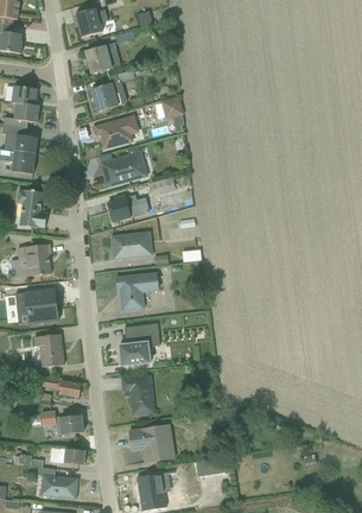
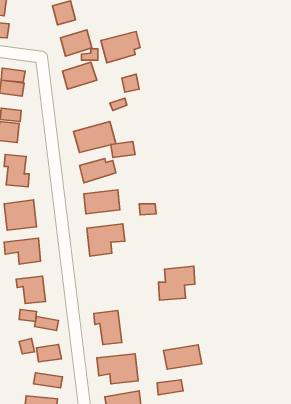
building: [94,114,140,151] -> [101,31,140,63]
building: [119,324,161,365] -> [158,266,195,300]
building: none -> [164,345,202,369]

